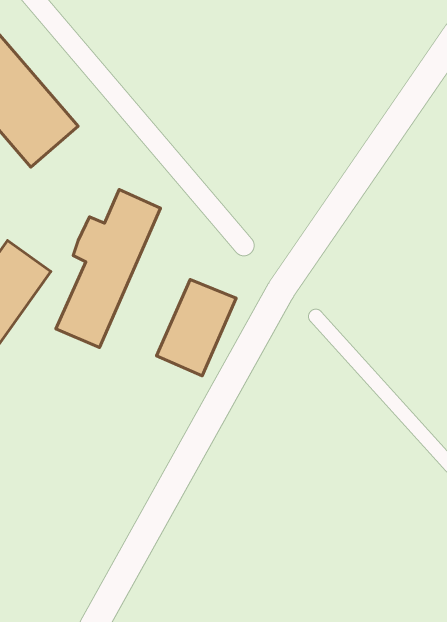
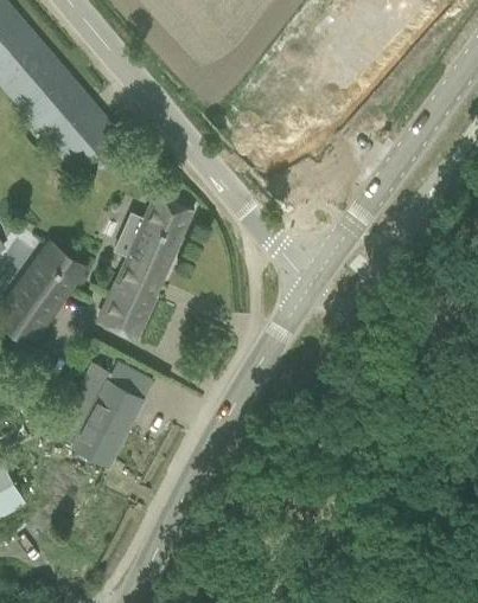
building: [156,279,236,376] -> none
building: none -> [59,360,154,463]

